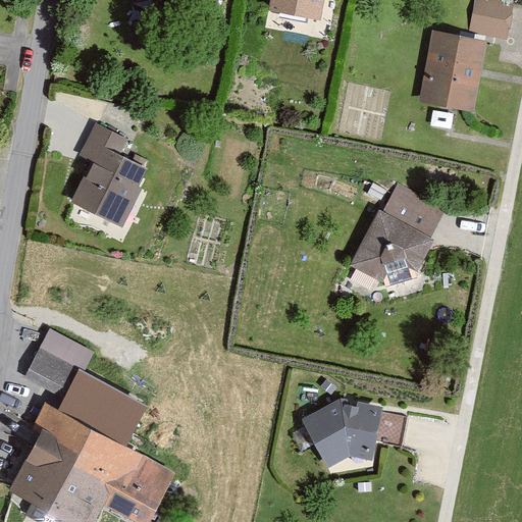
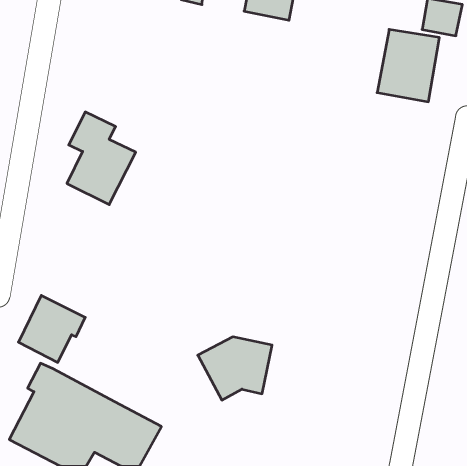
building: [338,175,437,277] -> none
building: [59,372,148,447] -> none
building: [302,400,384,470] -> [198,337,272,400]

